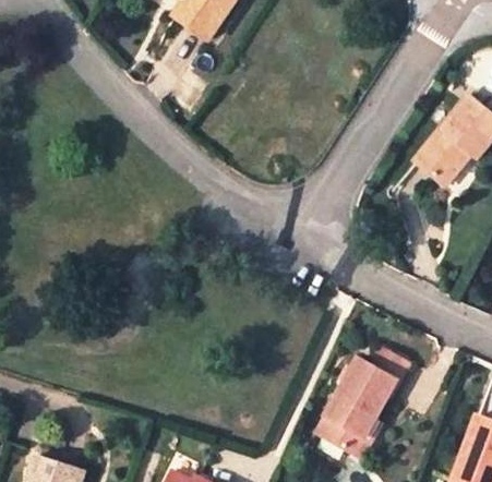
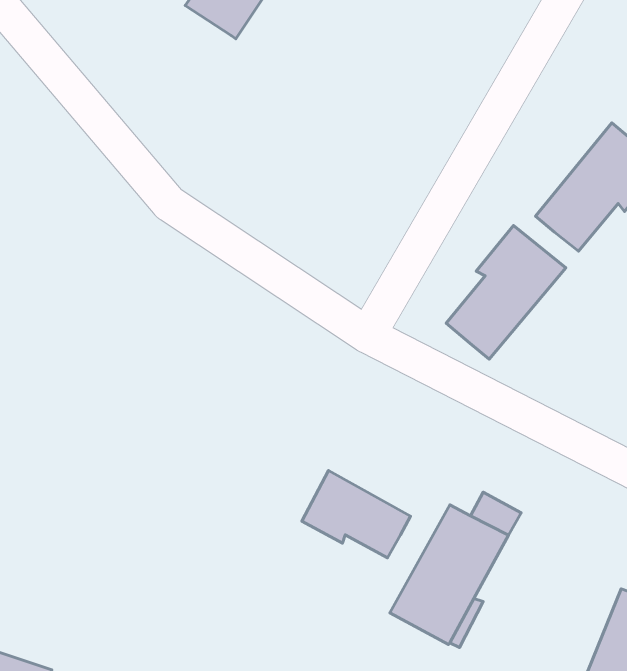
building: none -> [446,226,566,359]
building: none -> [302,471,411,558]

